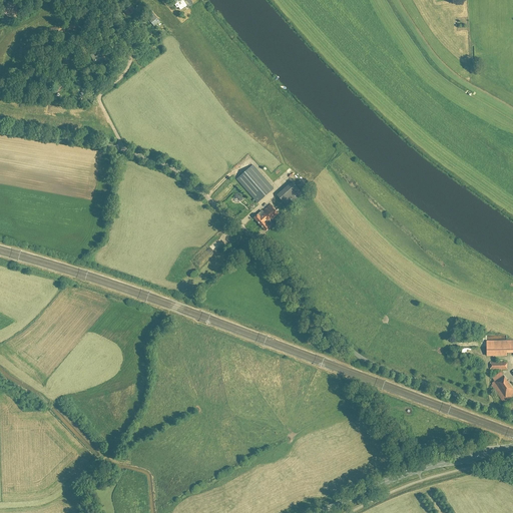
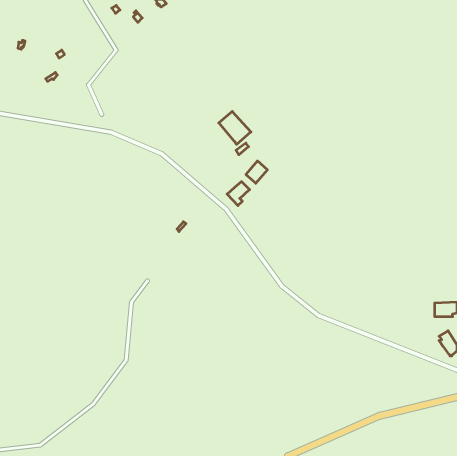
building: [237,164,274,201] -> [219,111,251,144]

